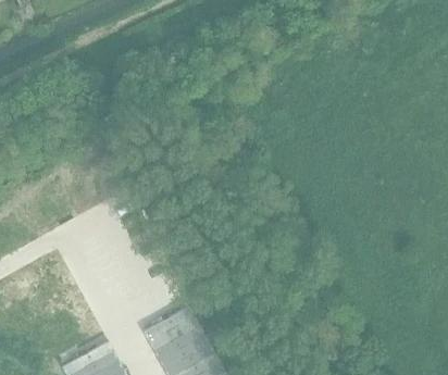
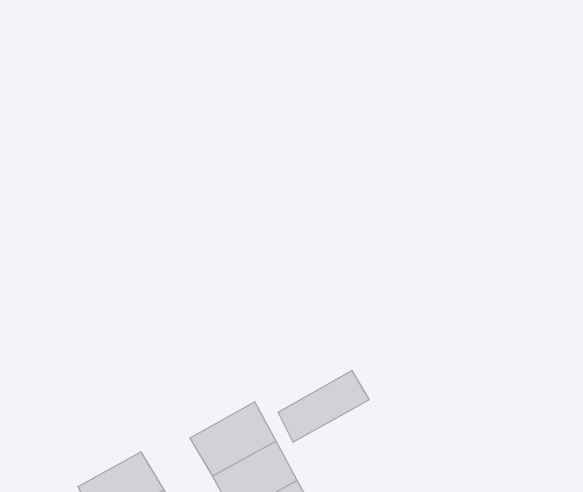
building: none -> [278,370,369,442]

